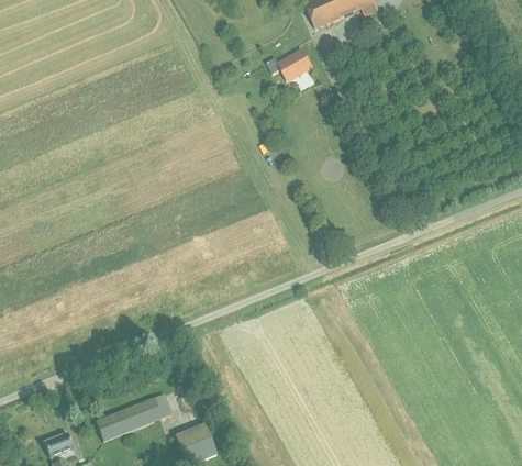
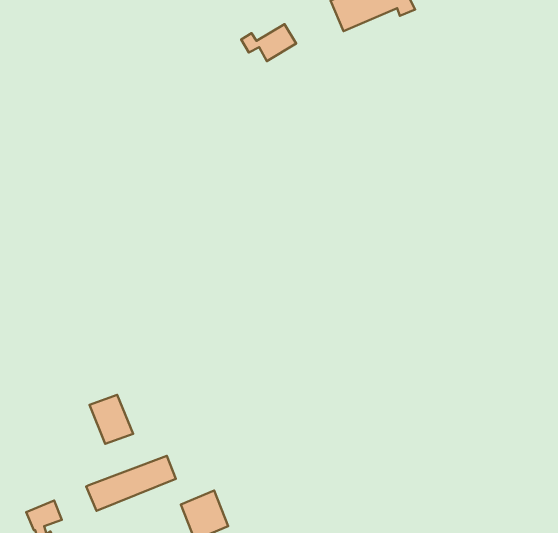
building: [265,48,312,80] -> [241,24,296,61]
building: none -> [90,395,133,444]

